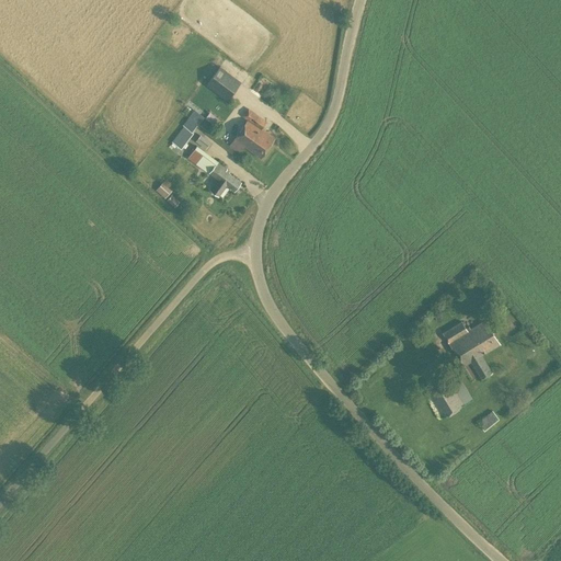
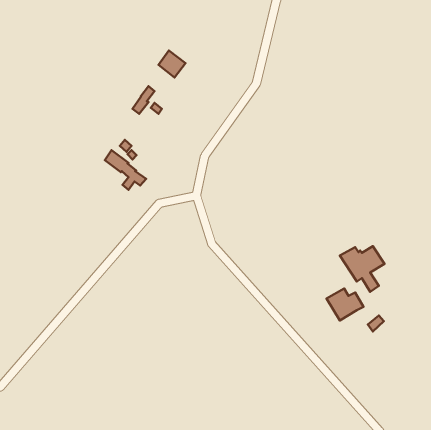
building: [228,110,275,159] -> none
building: [187,146,241,197] -> [105,150,146,190]

